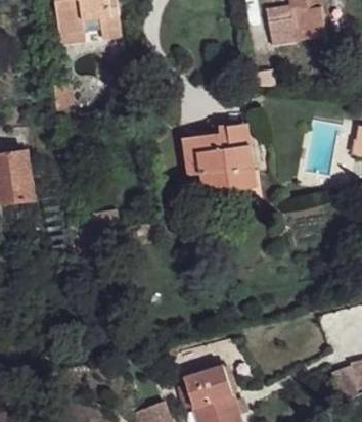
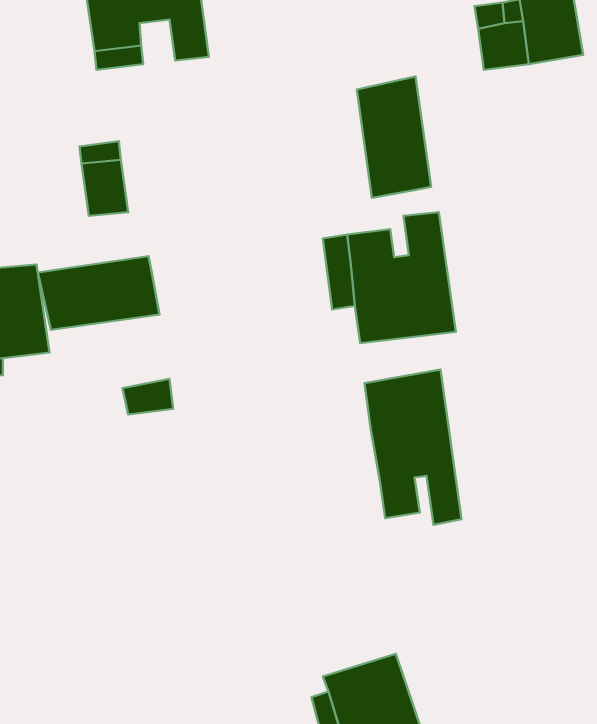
building: none -> [357,77,431,198]
building: none -> [38,256,159,330]
building: none -> [365,370,462,525]

